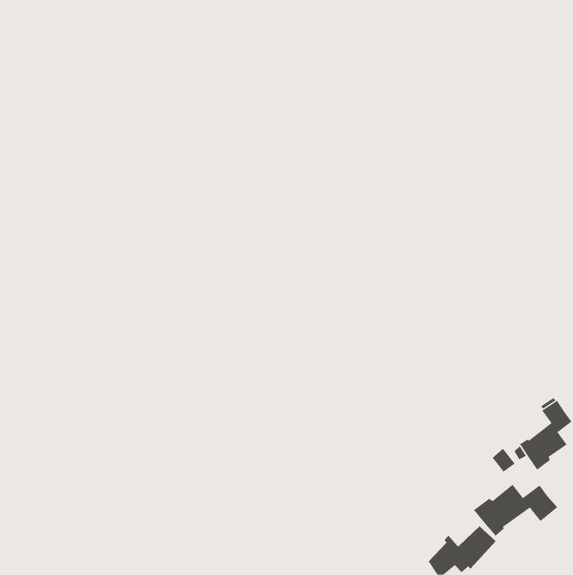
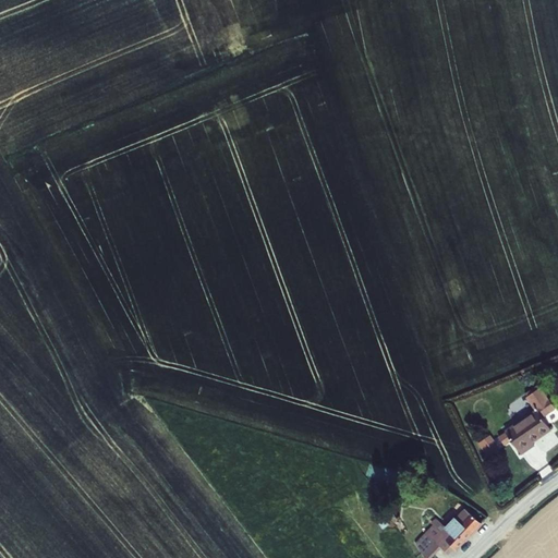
building: [473,484,558,537] -> none

